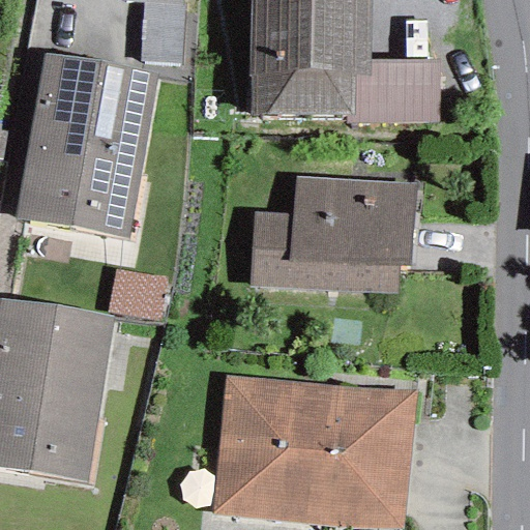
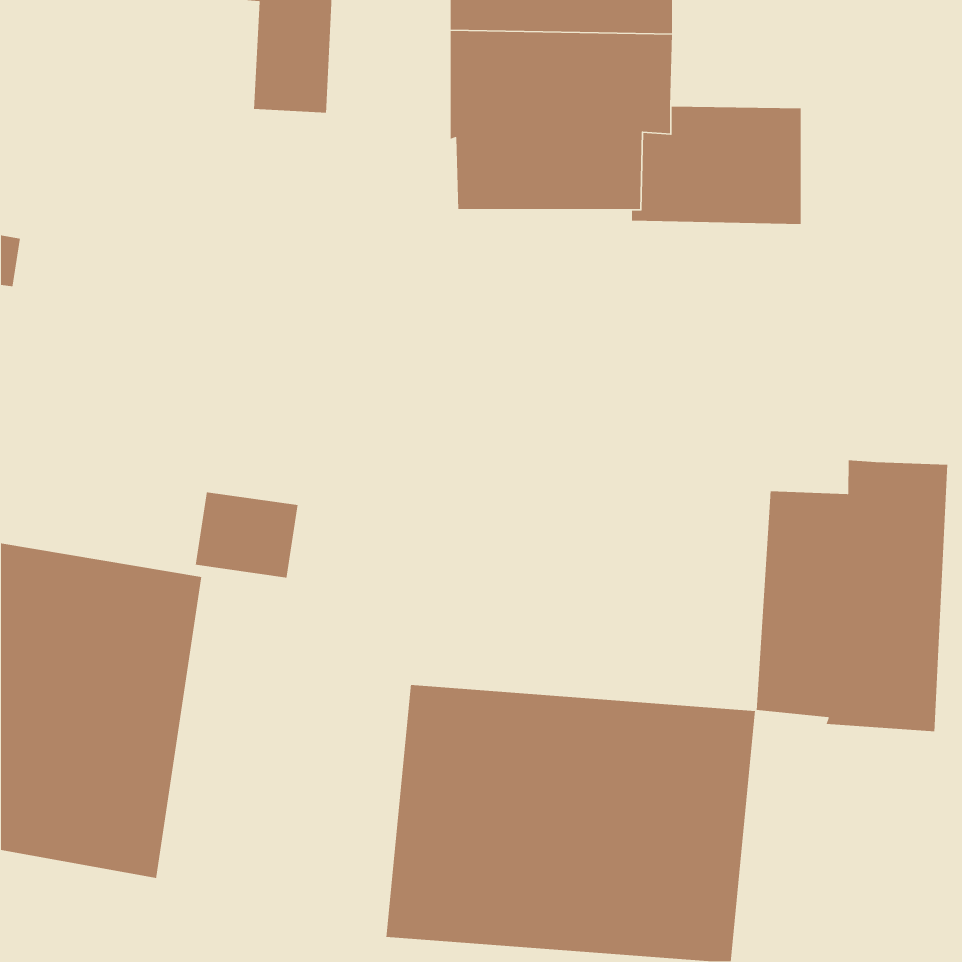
building: [14,52,158,237] -> none
building: [251,176,416,292] -> none
building: none -> [756,459,948,732]

